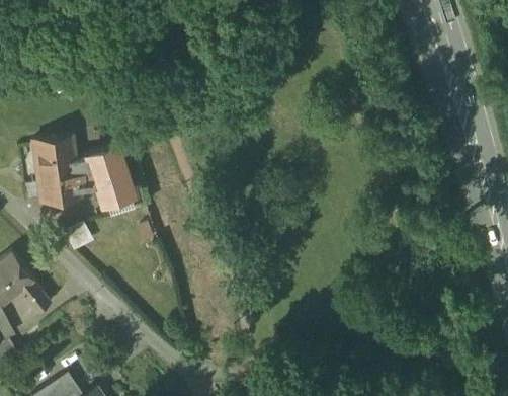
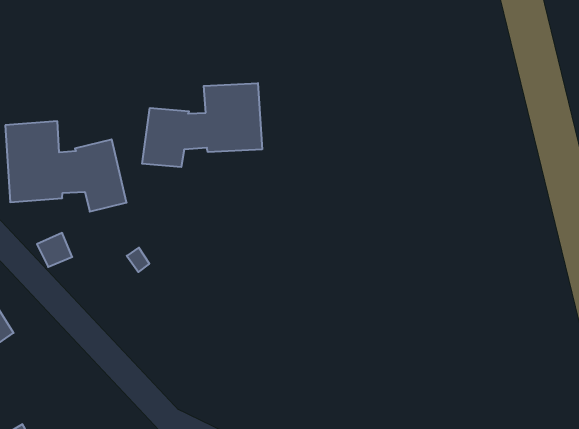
building: none -> [142,83,262,167]

